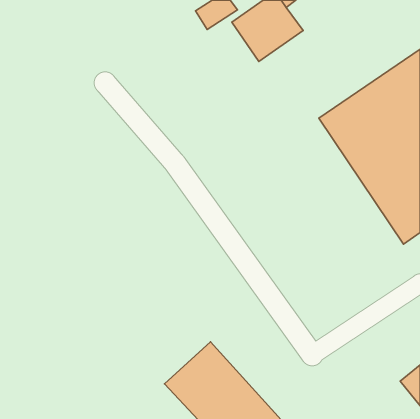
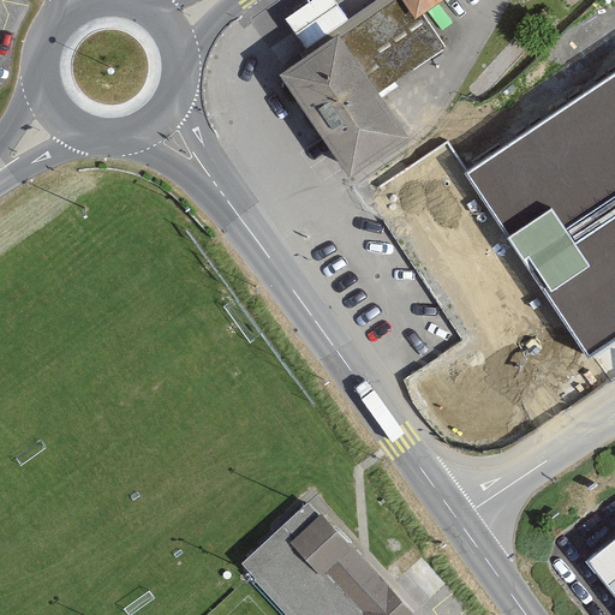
building: none -> [286,34,404,163]

